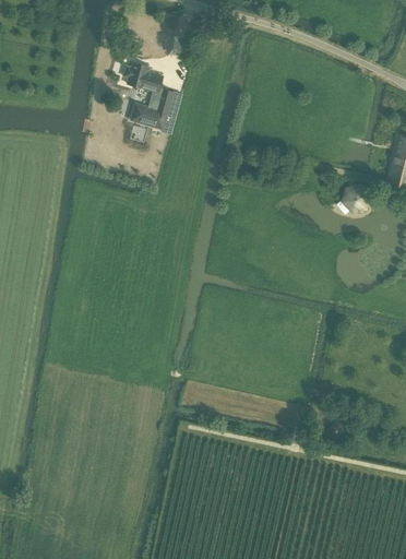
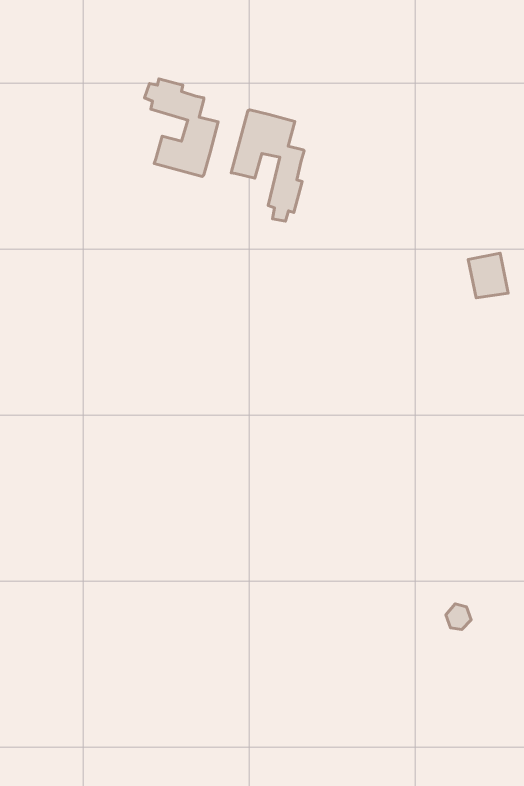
building: none -> [231,110,304,221]

